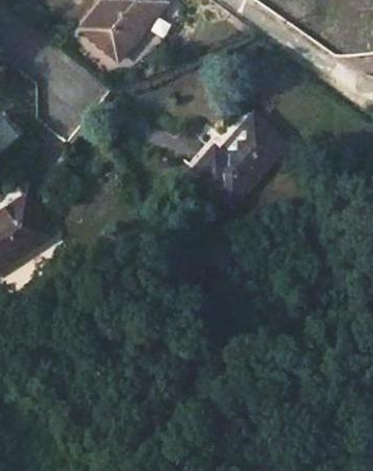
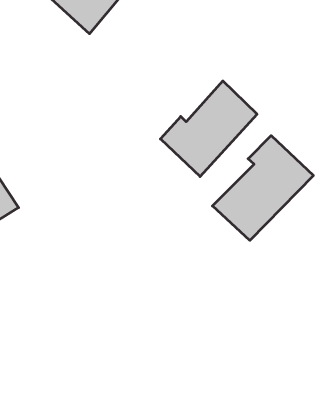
building: none -> [212,136,313,240]

